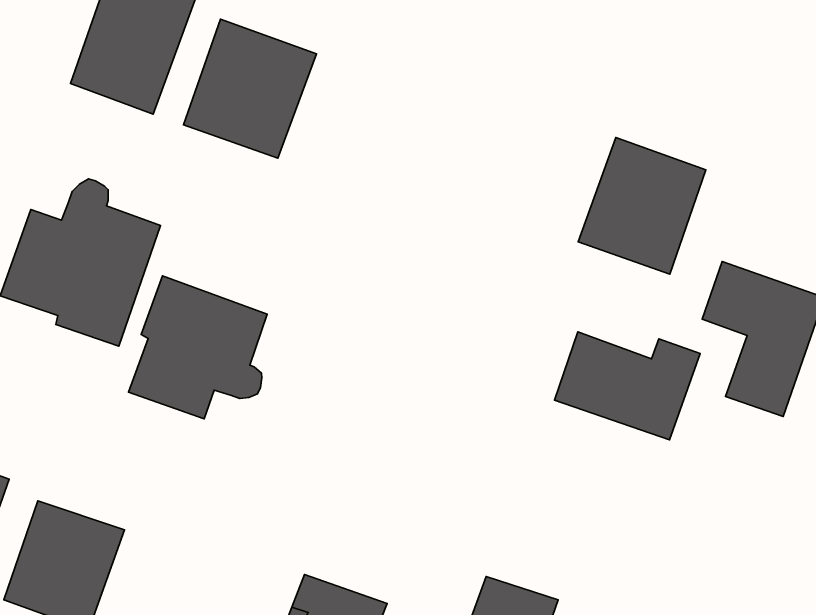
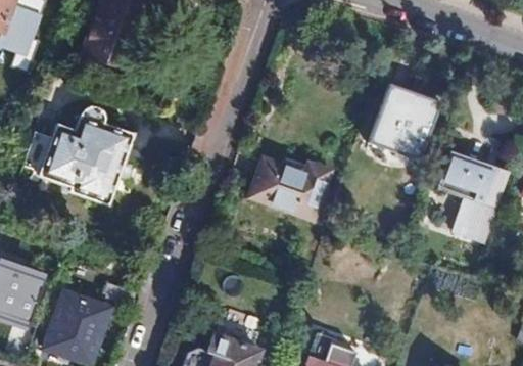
building: [183,19,316,158] -> none
building: [129,276,267,419] -> none
building: [554,332,700,440] -> [248,157,331,219]

